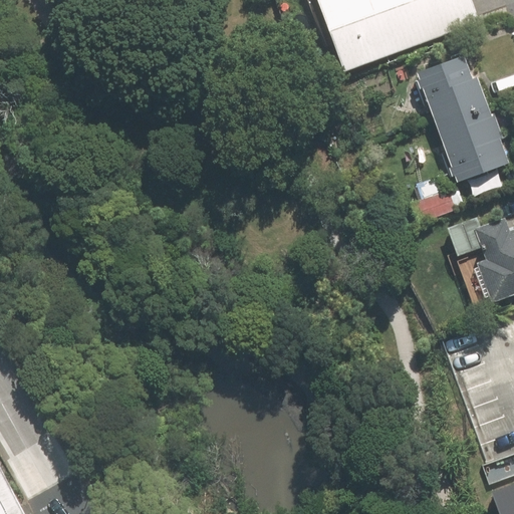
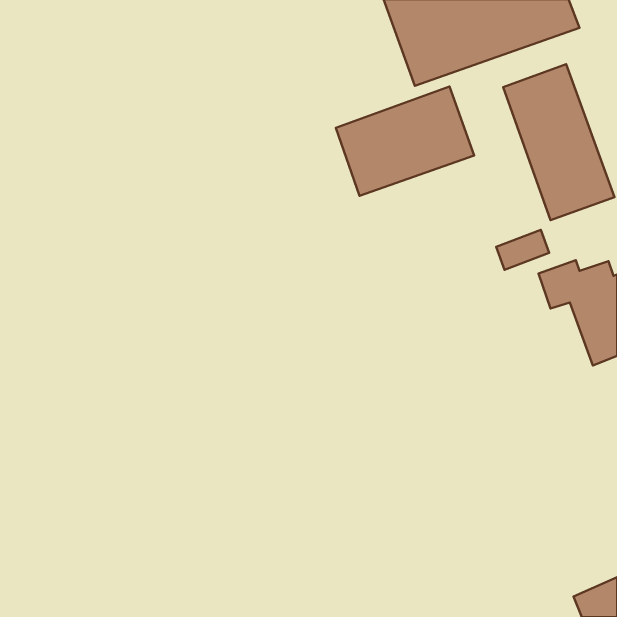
building: none -> [336,87,474,196]

